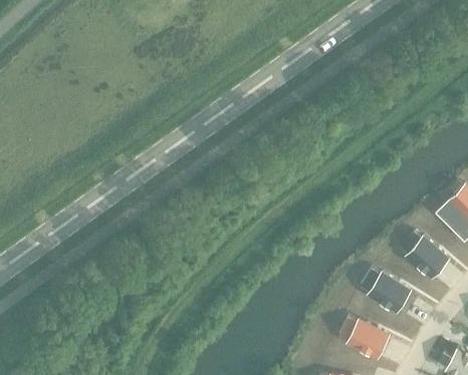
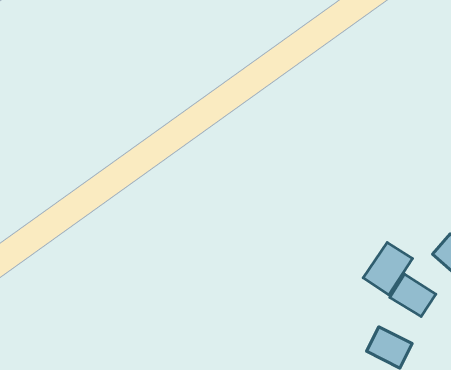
building: none -> [363,242,412,295]

